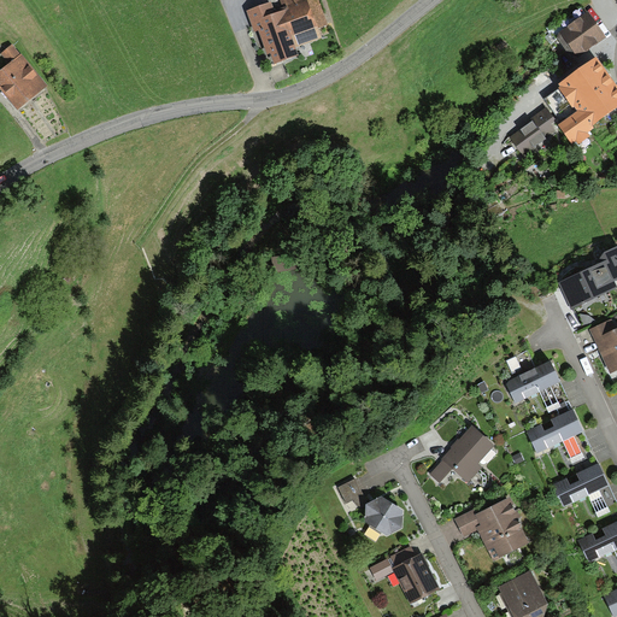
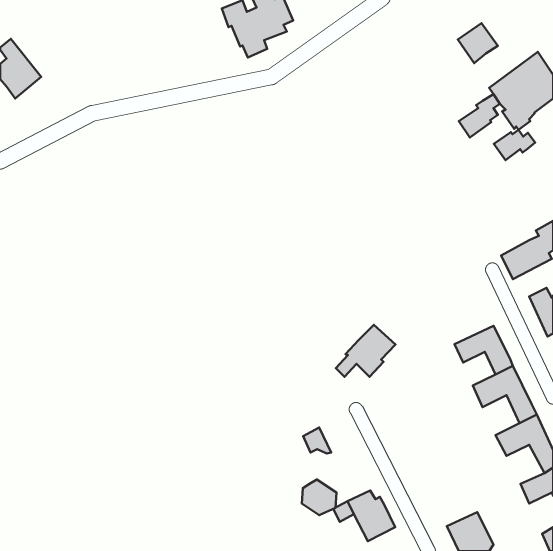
building: [560,13,605,58] -> [458,23,498,63]
building: none -> [494,130,535,160]
building: [430,425,496,483] -> [336,325,395,377]
building: [365,496,404,536] -> [302,480,336,515]
building: [454,496,529,562] -> none

